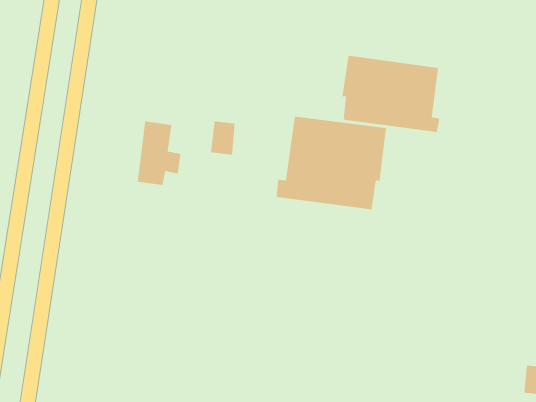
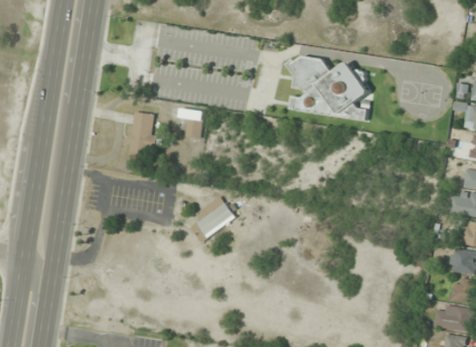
building: [276,116,386,210] -> none
building: none -> [191,195,237,241]

